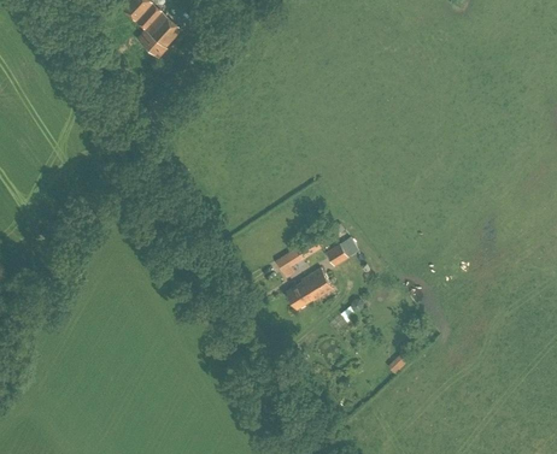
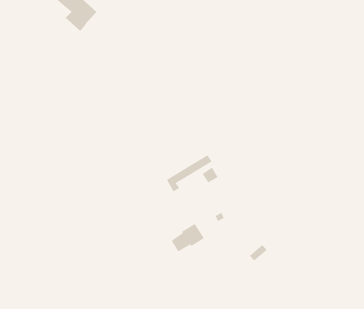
building: [287,269,334,308] -> [171,223,205,252]

